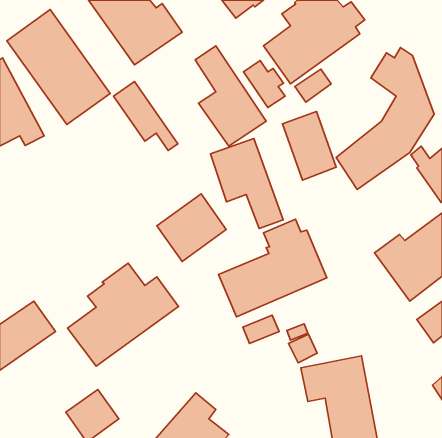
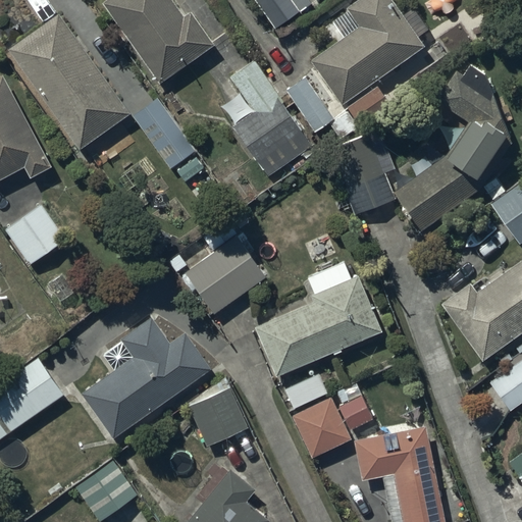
building: [210,139,283,229] -> none
building: none -> [4,204,65,264]
building: none -> [190,392,249,450]
building: none -> [294,400,352,460]

